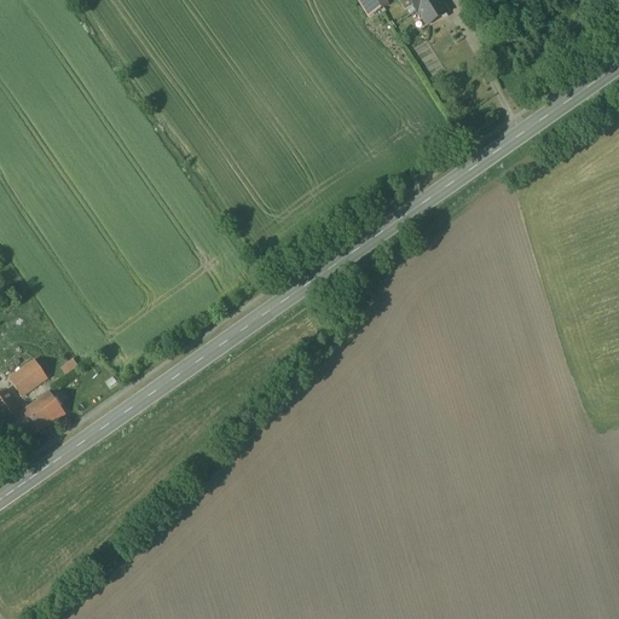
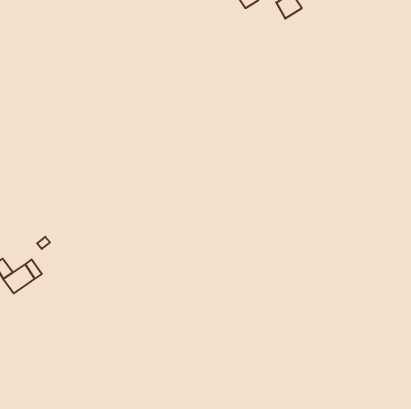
building: [7,357,46,392] -> none

